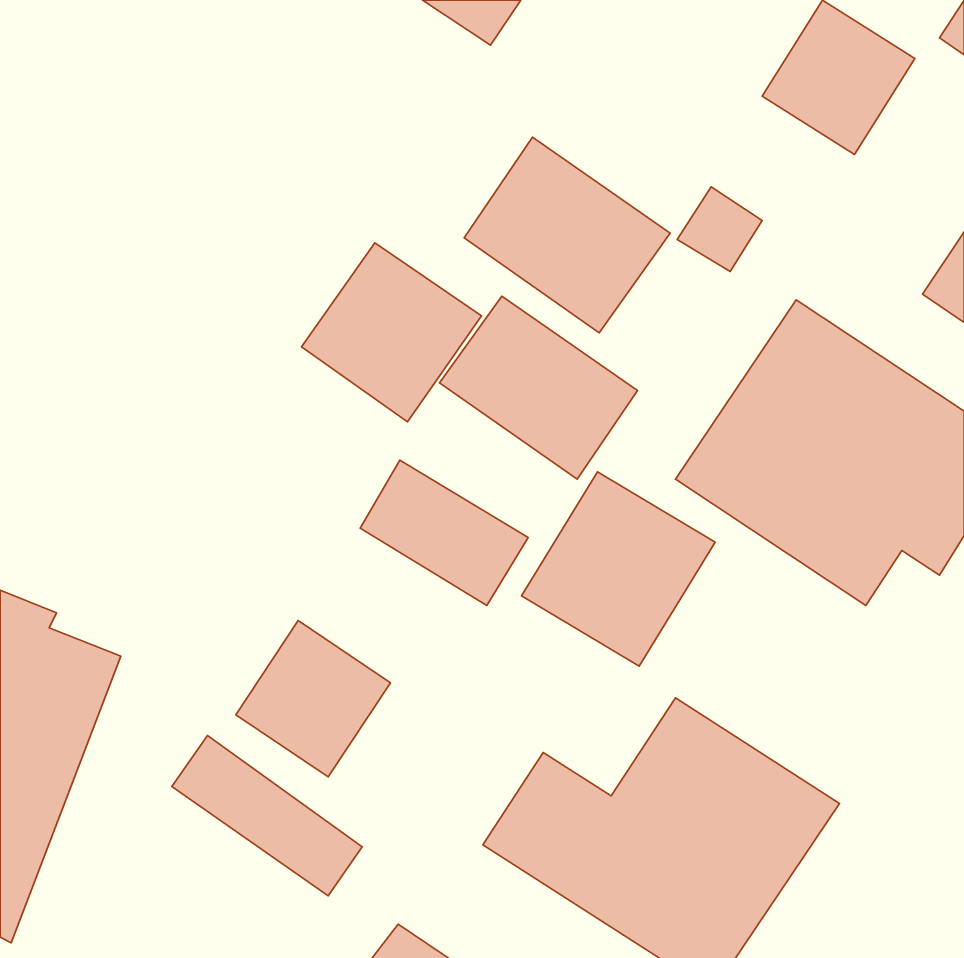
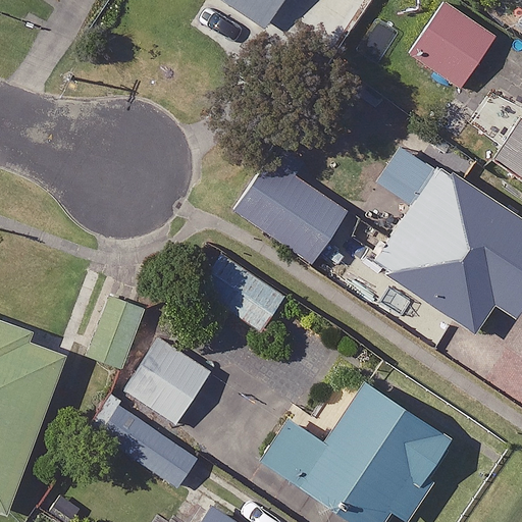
building: [464,137,670,333] -> none
building: [301,243,481,422] -> none
building: [522,472,715,666] -> none

